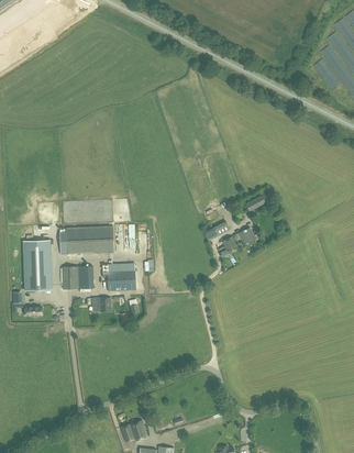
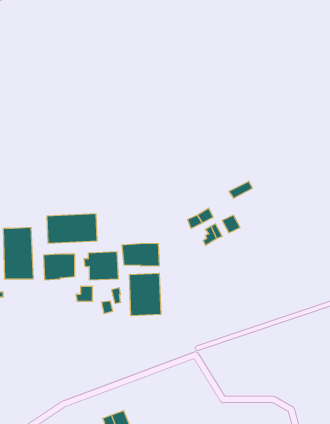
building: none -> [122,243,159,266]
building: none -> [129,273,161,316]

